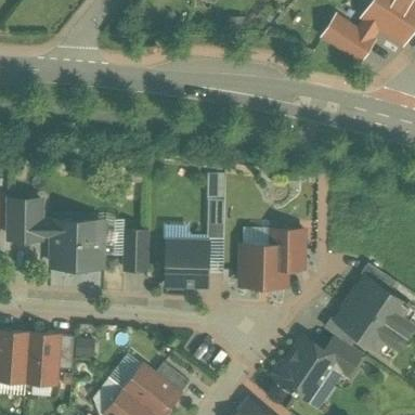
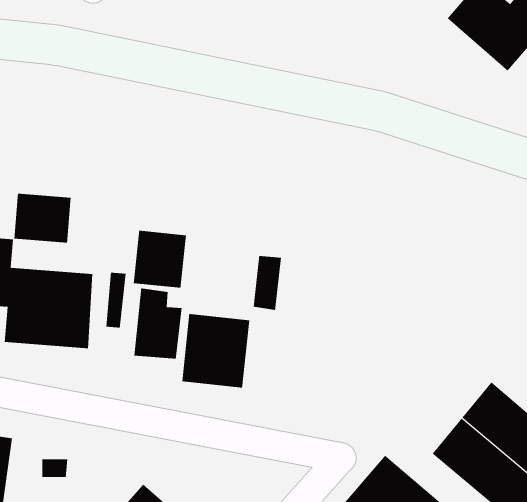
building: none -> [14,193,71,243]
building: none -> [133,230,186,289]
building: [235,223,296,287] -> none

